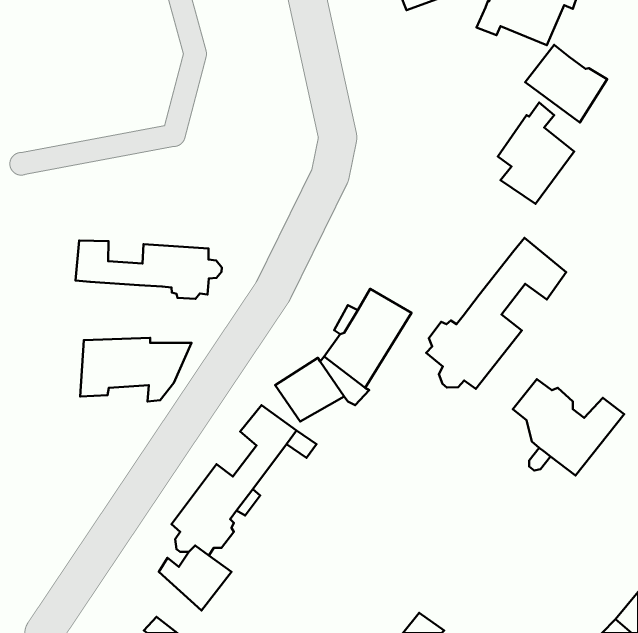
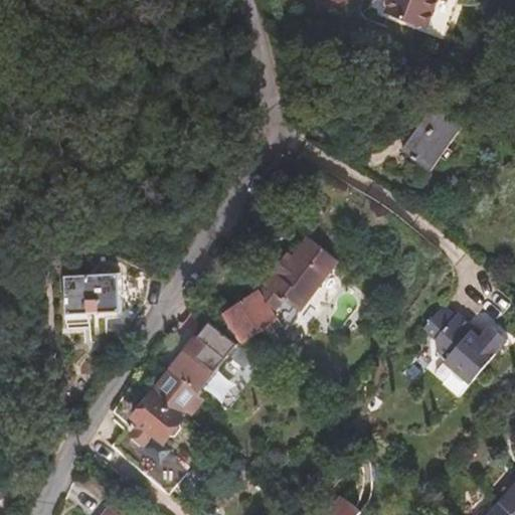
building: [525,45,607,123] -> none
building: [426,238,566,389] -> none
building: [76,240,222,299] -> none

